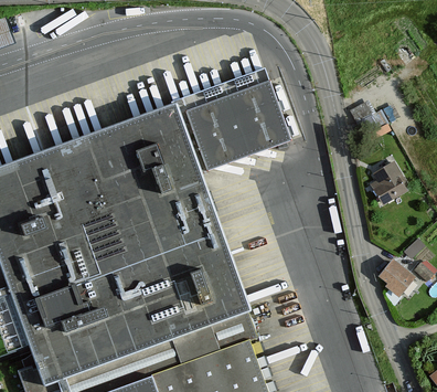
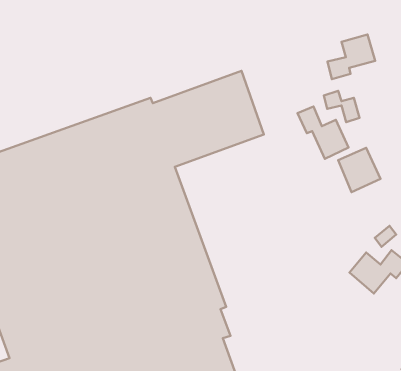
building: none -> [328,35,375,79]
building: none -> [298,106,349,159]

